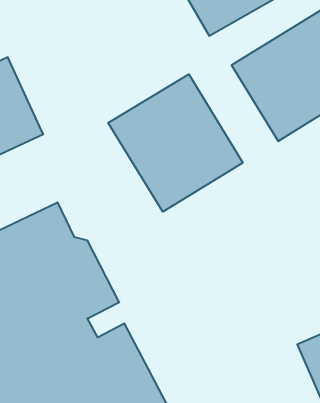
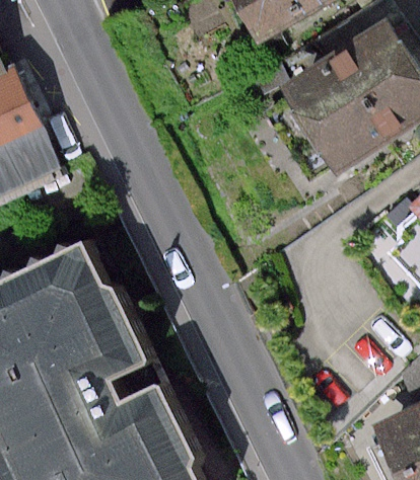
building: [108,74,243,212] -> none

